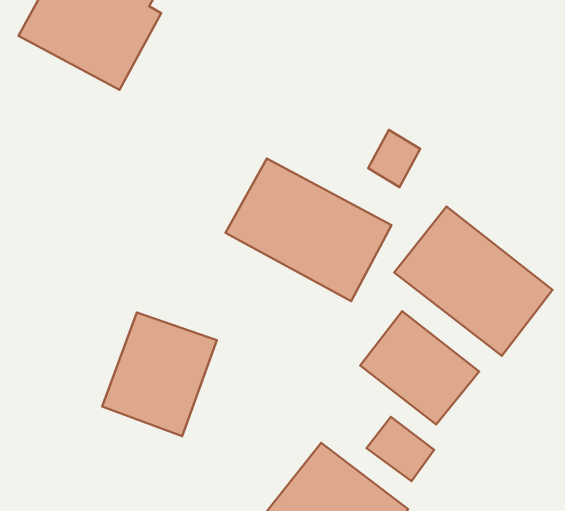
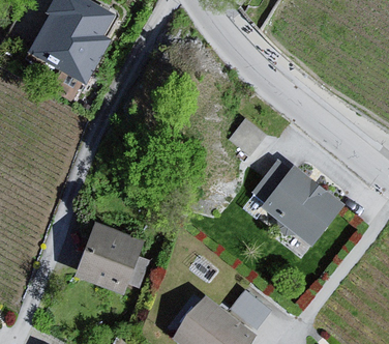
building: [226,158,392,301] -> none
building: [360,311,479,424] -> none

